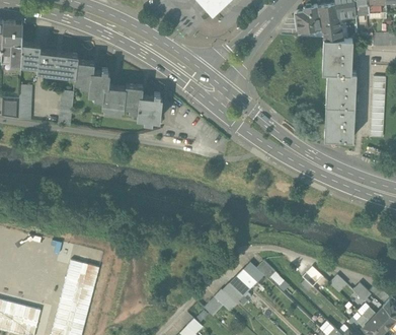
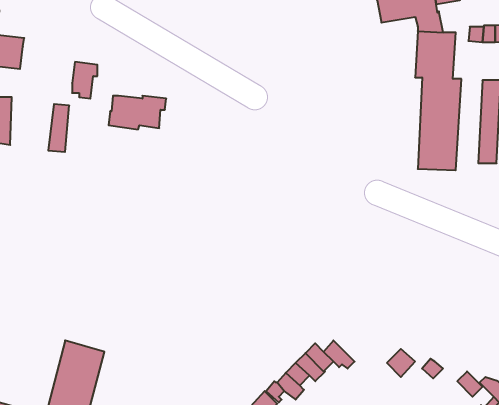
building: [36,49,78,75] -> none
building: [88,68,109,95] -> none
building: [137,92,161,123] -> none

